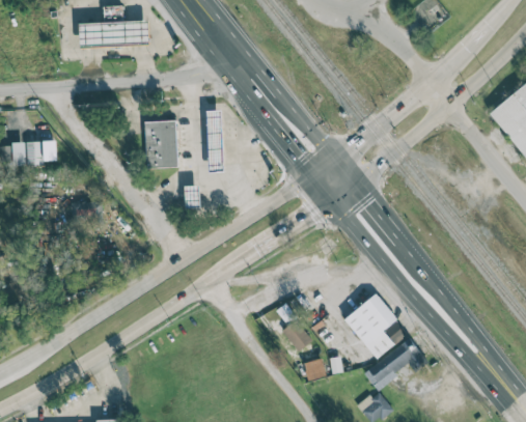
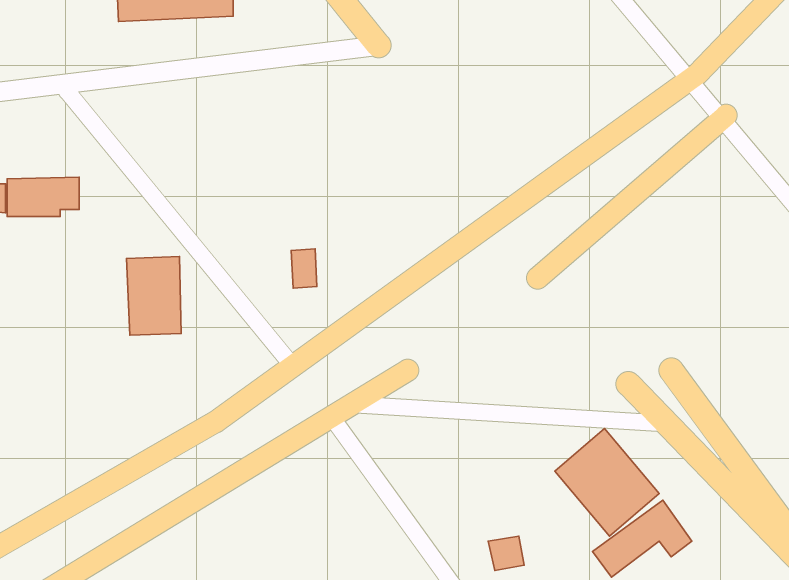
building: [206,110,224,172] -> none
building: [144,120,177,168] -> [127,257,181,335]
building: [282,319,311,351] -> none

